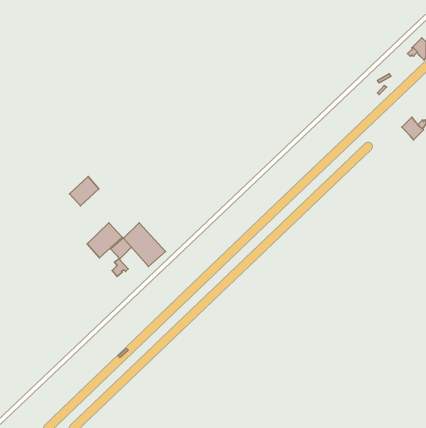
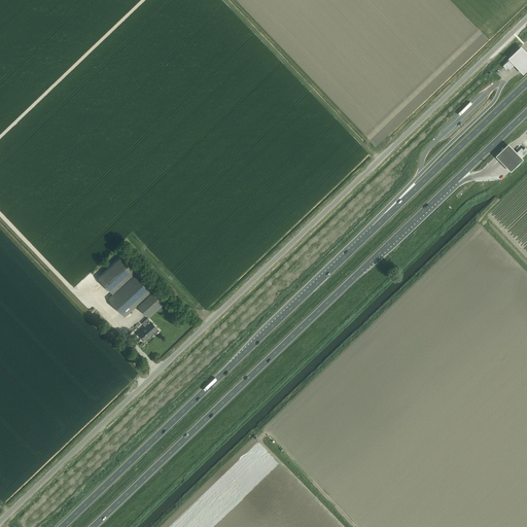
building: [70,176,99,206] -> [97,257,133,293]
building: [123,223,165,267] -> none

